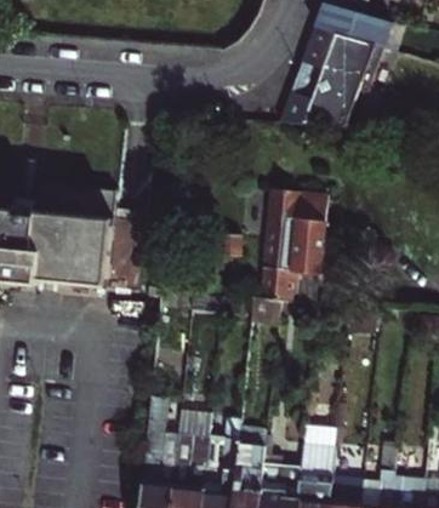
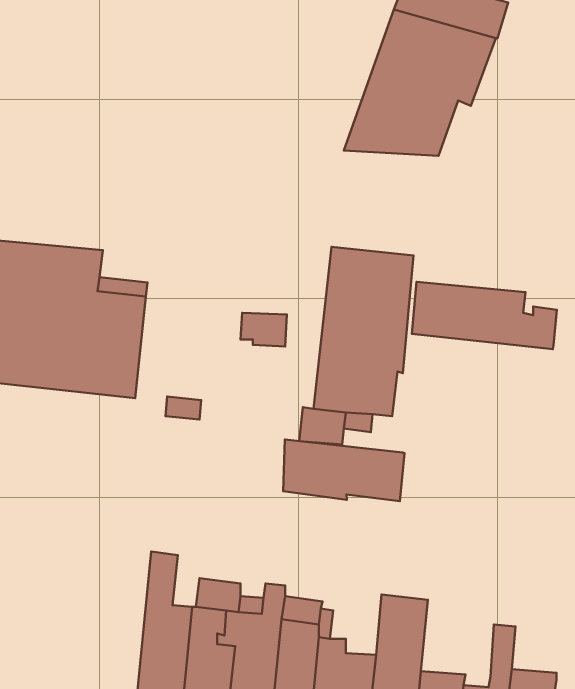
building: none -> [412,282,557,349]
building: none -> [283,439,405,501]

